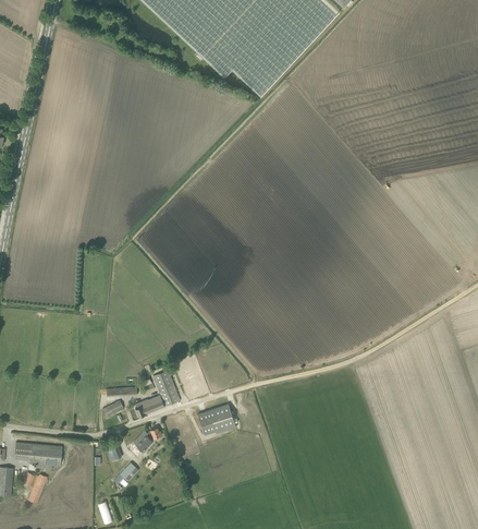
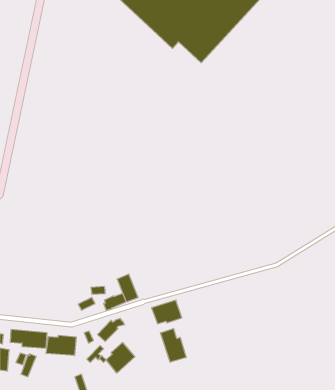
building: none -> [160,329,186,362]
building: none -> [46,335,76,356]
building: none -> [106,343,135,373]

